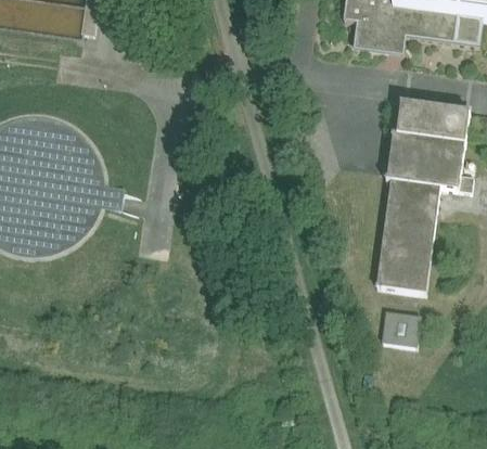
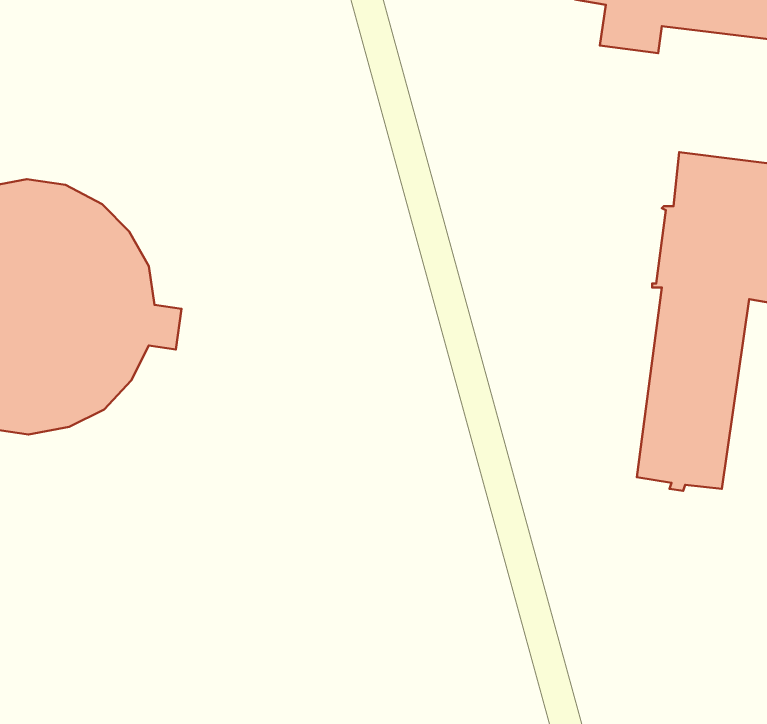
building: [381,308,420,343] -> none

